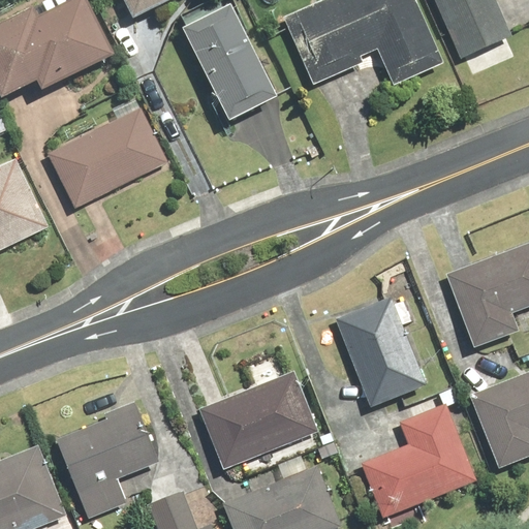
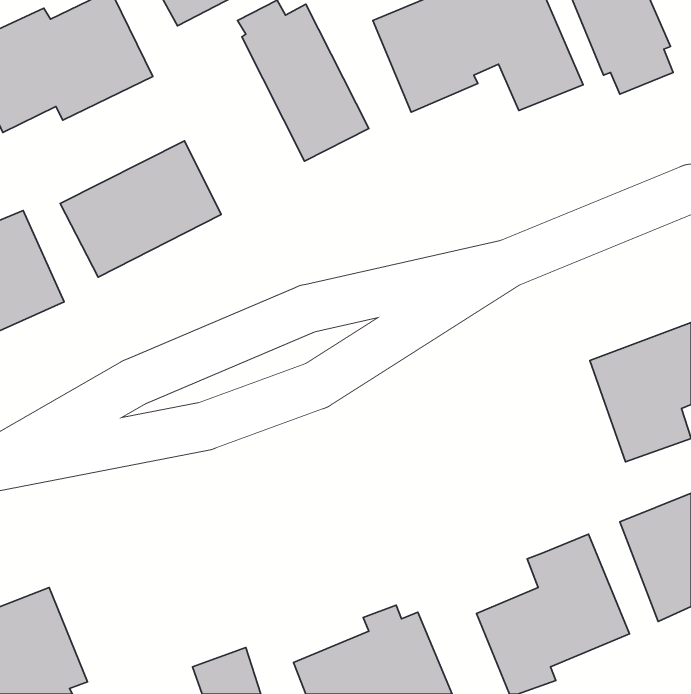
building: [334,295,425,408] -> none
building: [198,372,316,476] -> none
building: [59,402,158,519] -> none

